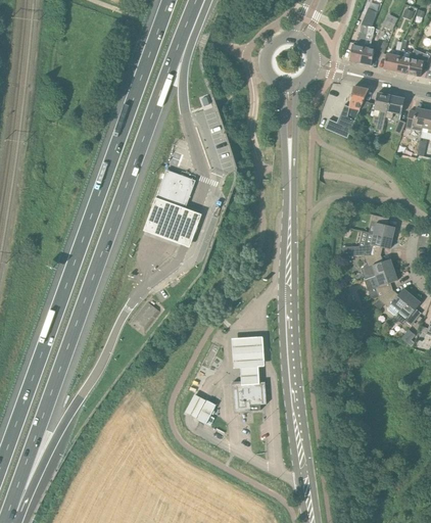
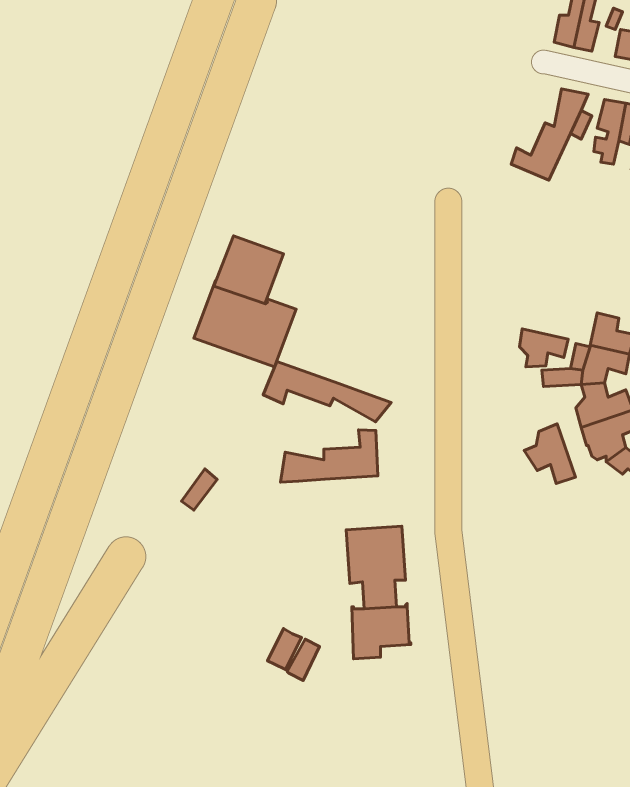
building: none -> [519,329,568,367]
building: none -> [263,362,391,422]
building: none -> [524,424,576,483]
building: none -> [280,430,378,482]

